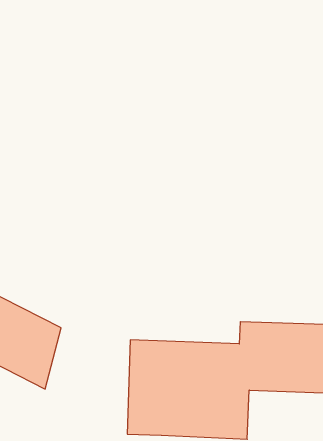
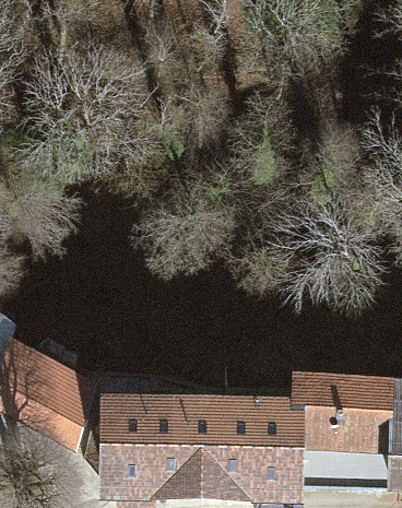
building: none -> [95,390,172,496]

